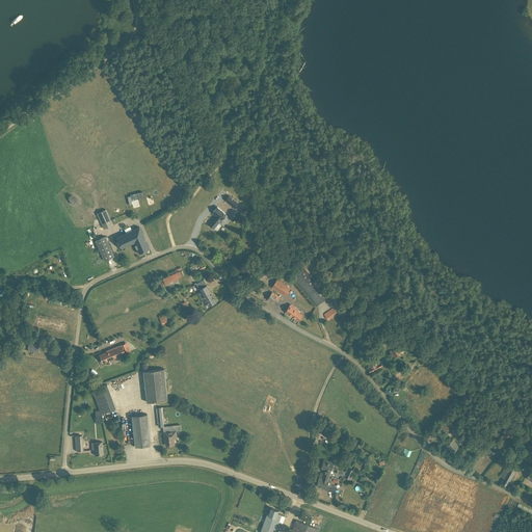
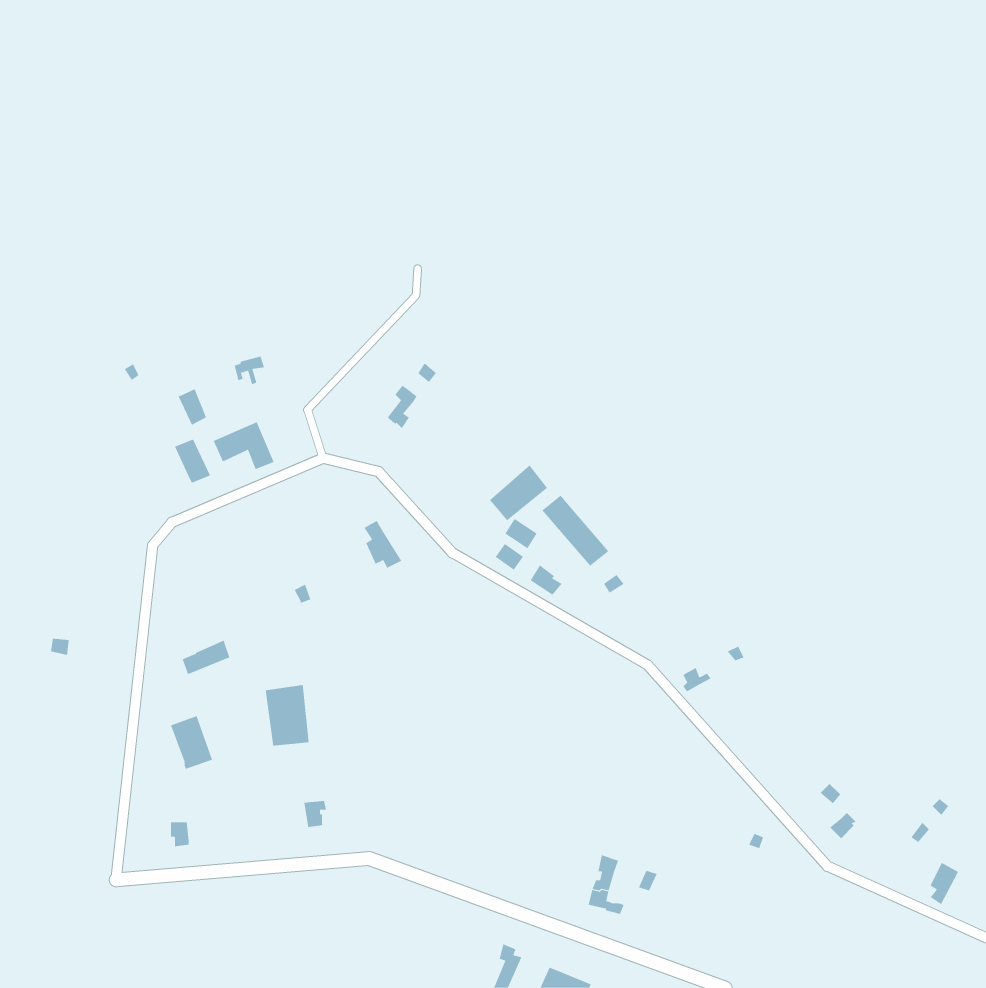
building: none -> [489,465,548,521]
building: [130,414,150,447] -> none

